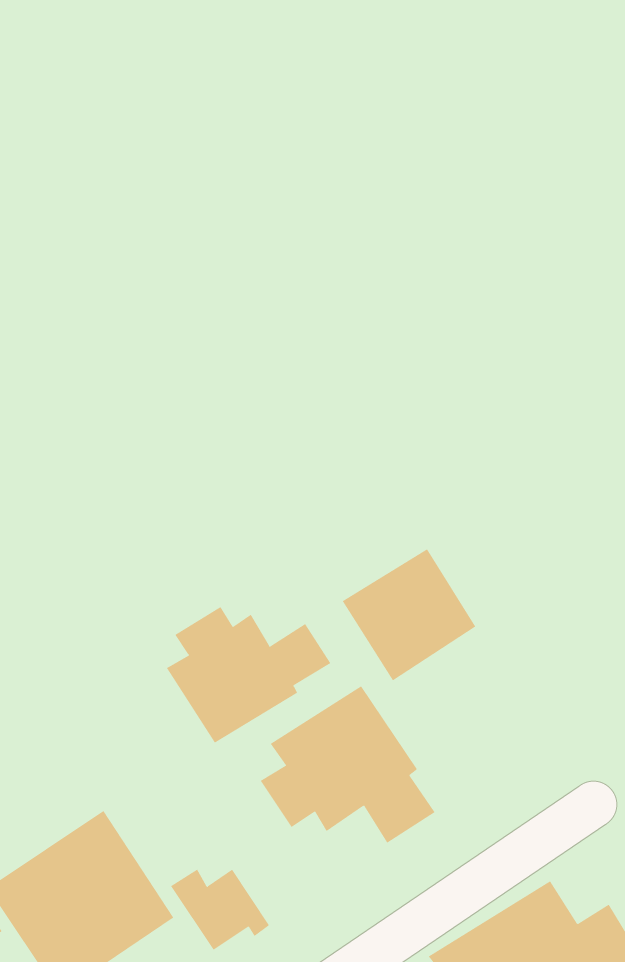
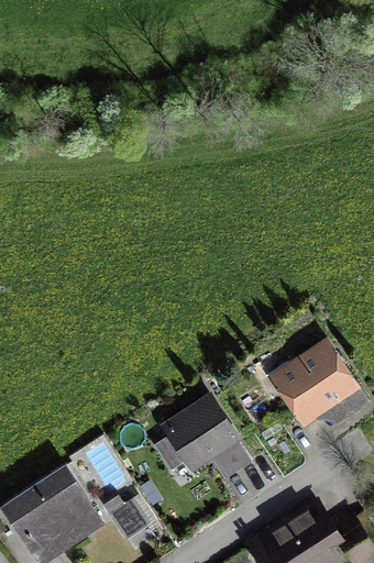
building: [342,548,476,681] -> [274,347,350,422]
building: [166,606,331,744] -> none

